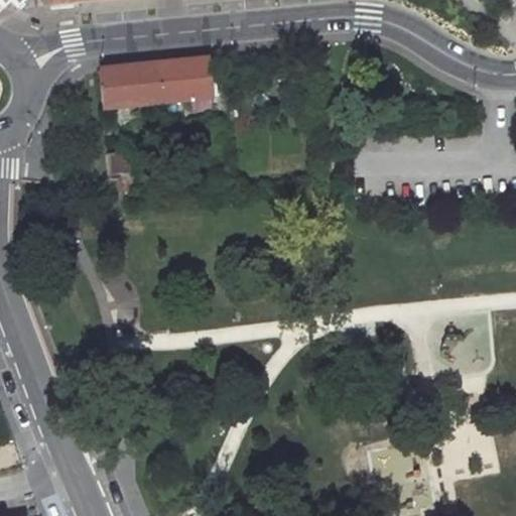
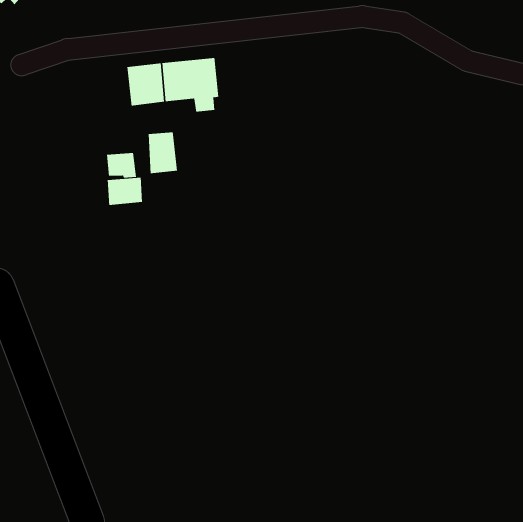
building: [99,66,128,107] -> [148,132,178,174]
building: none -> [107,177,143,206]

